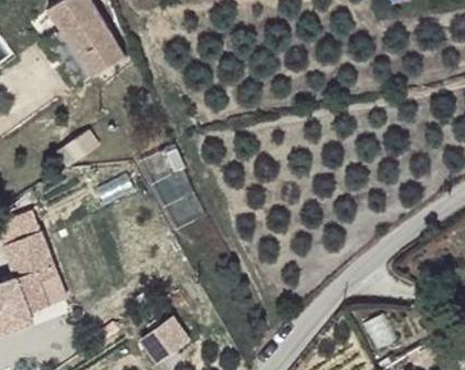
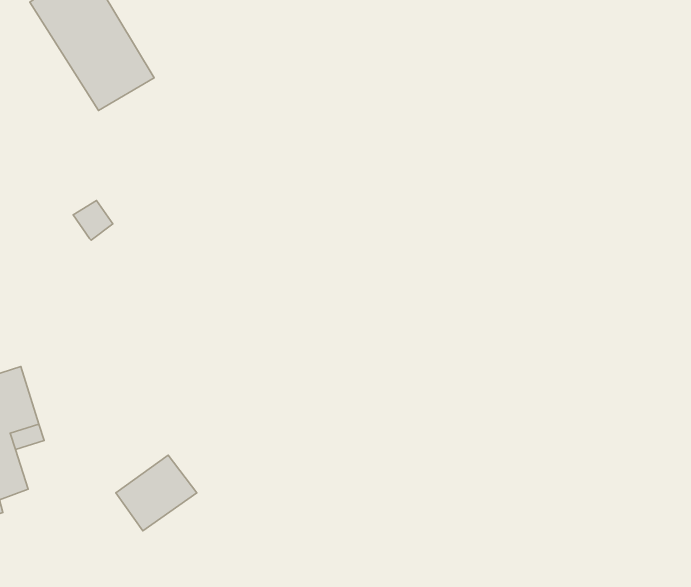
building: [140,313,190,359] -> [116,455,197,531]

